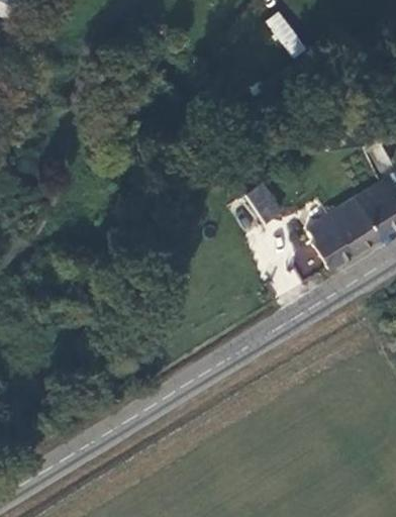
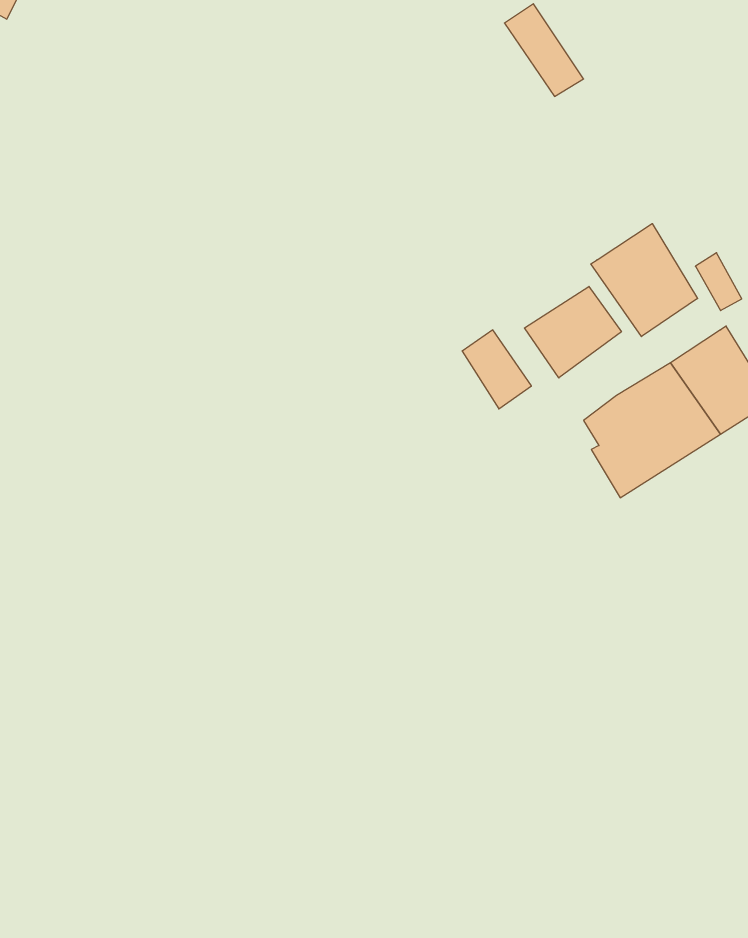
building: none -> [591,224,698,337]
building: none -> [524,286,621,378]

